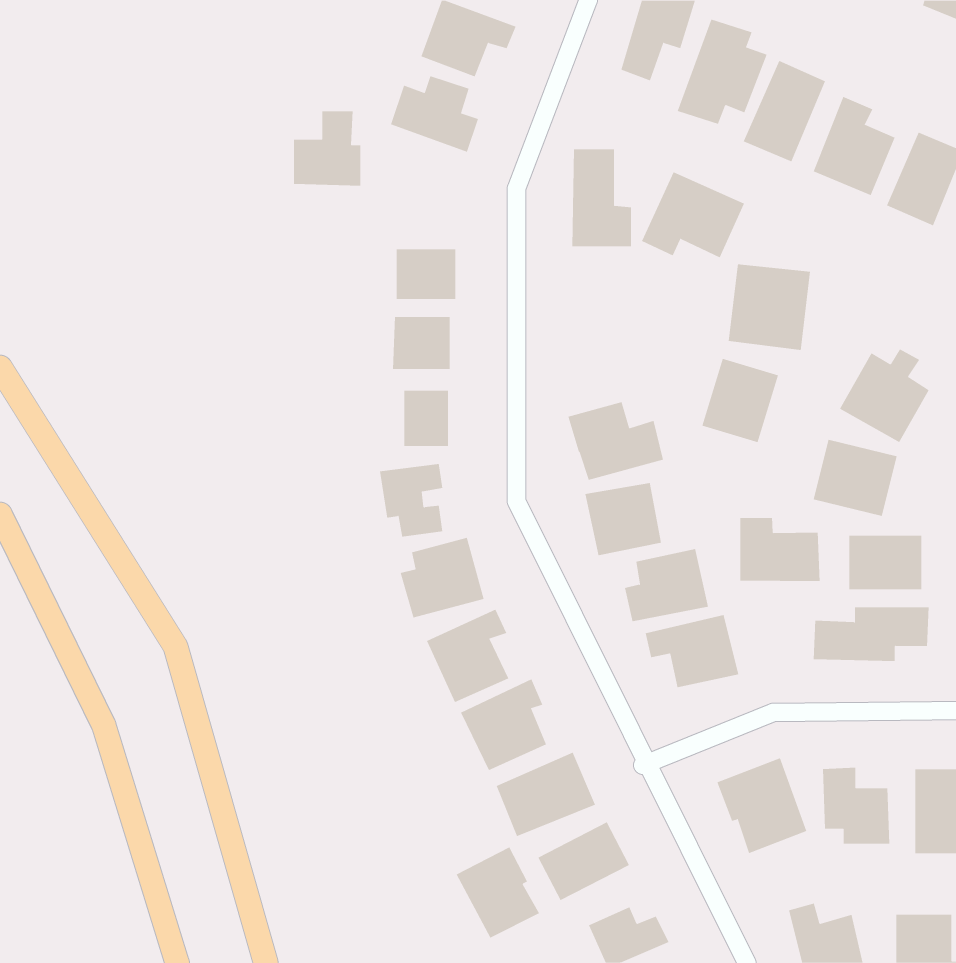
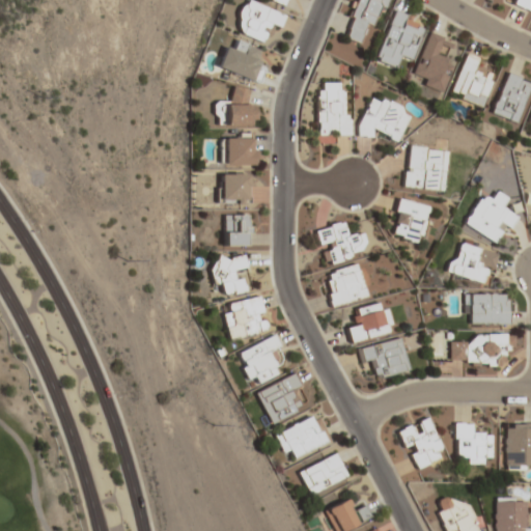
building: [293,111,361,186] -> [218,86,255,128]
building: [740,517,820,582] -> none
building: [456,846,540,938] -> none

